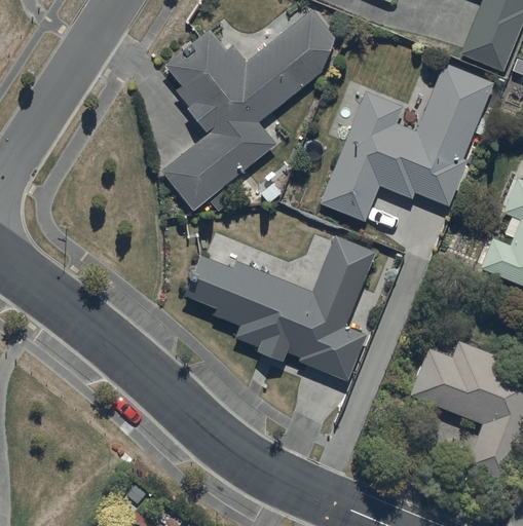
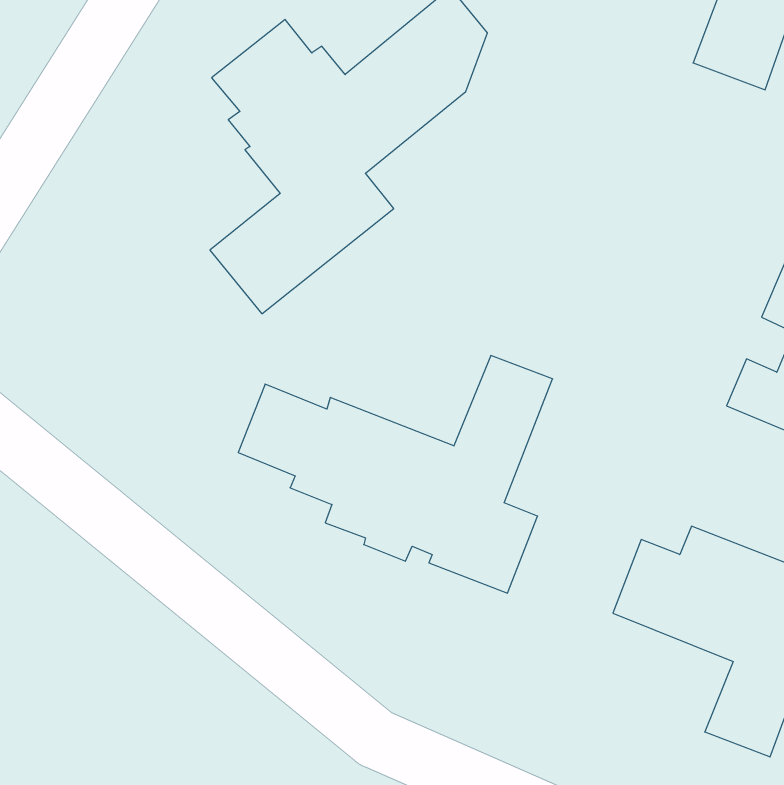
building: [322,63,493,220] -> none

